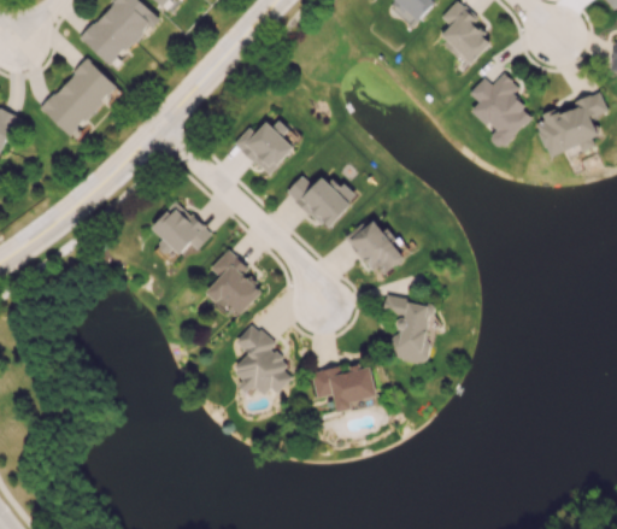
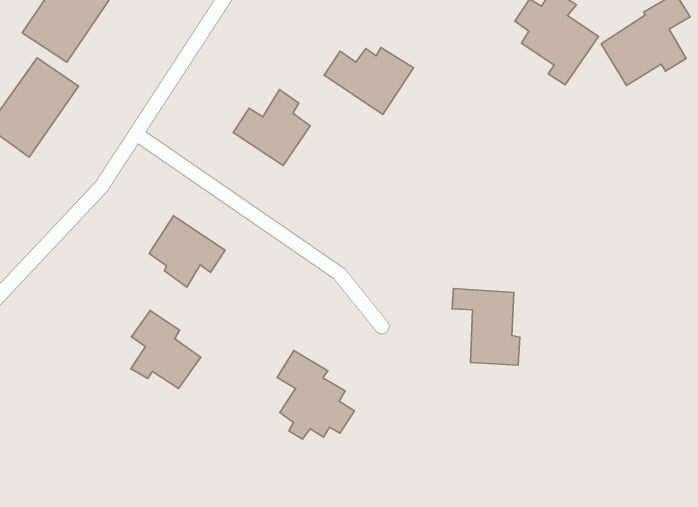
building: [286,175,357,230] -> [324,47,413,114]
building: [347,219,406,271] -> none
building: [205,249,262,315] -> [131,311,201,389]
building: [311,364,377,412] -> none

